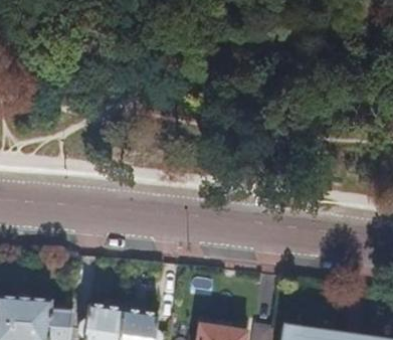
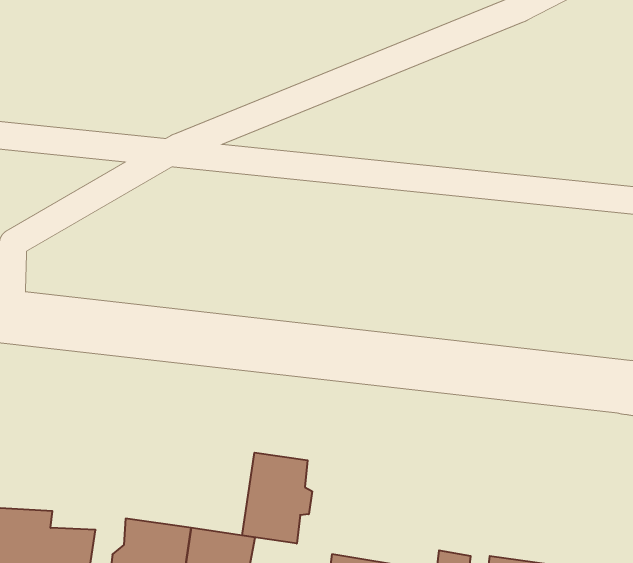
building: none -> [242,453,312,544]

